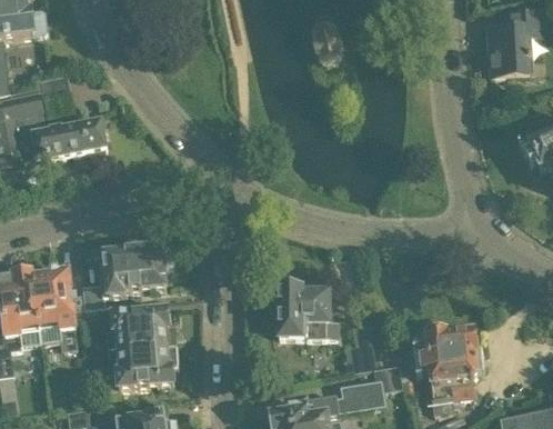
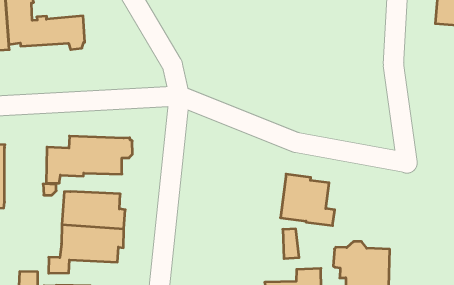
building: [33,266,77,340] -> none
building: [279,285,338,335] -> [280,174,335,226]

